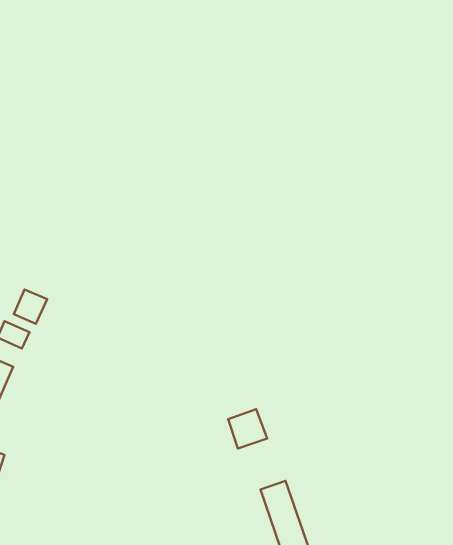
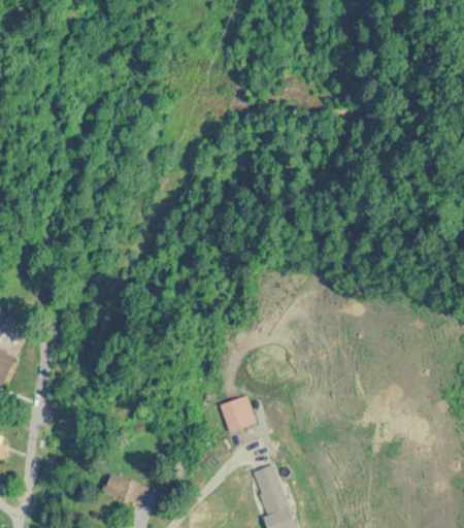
building: [14,289,47,324] -> none
building: none -> [102,475,148,504]

